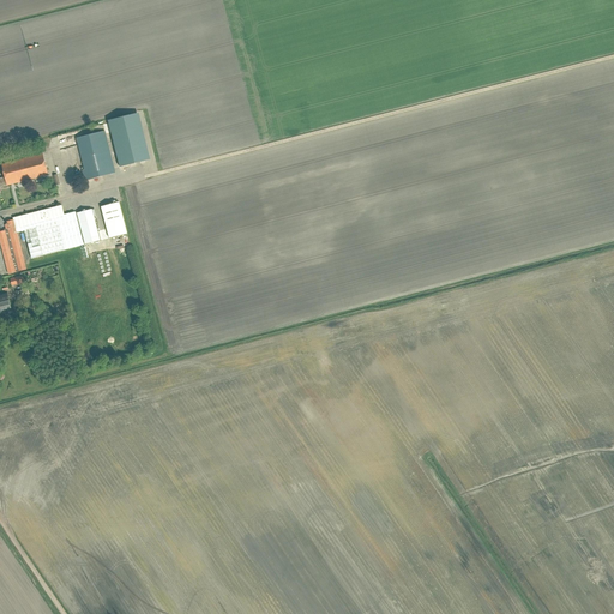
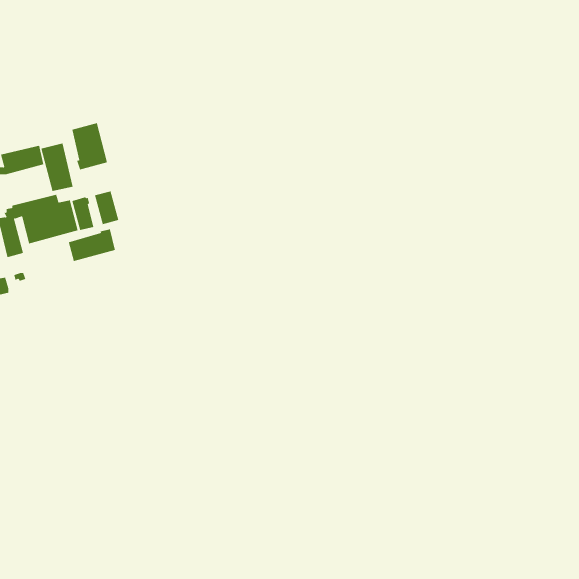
building: [107,114,142,165] -> [40,143,73,191]
building: none -> [68,229,116,262]

